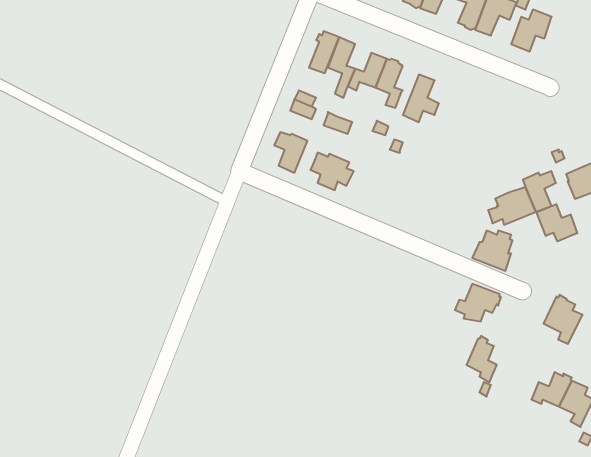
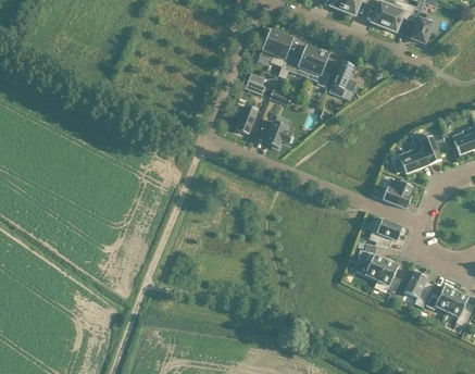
building: [537,204,577,241] -> none
building: [544,295,583,344] -> [403,270,433,307]
building: none -> [357,250,386,279]

